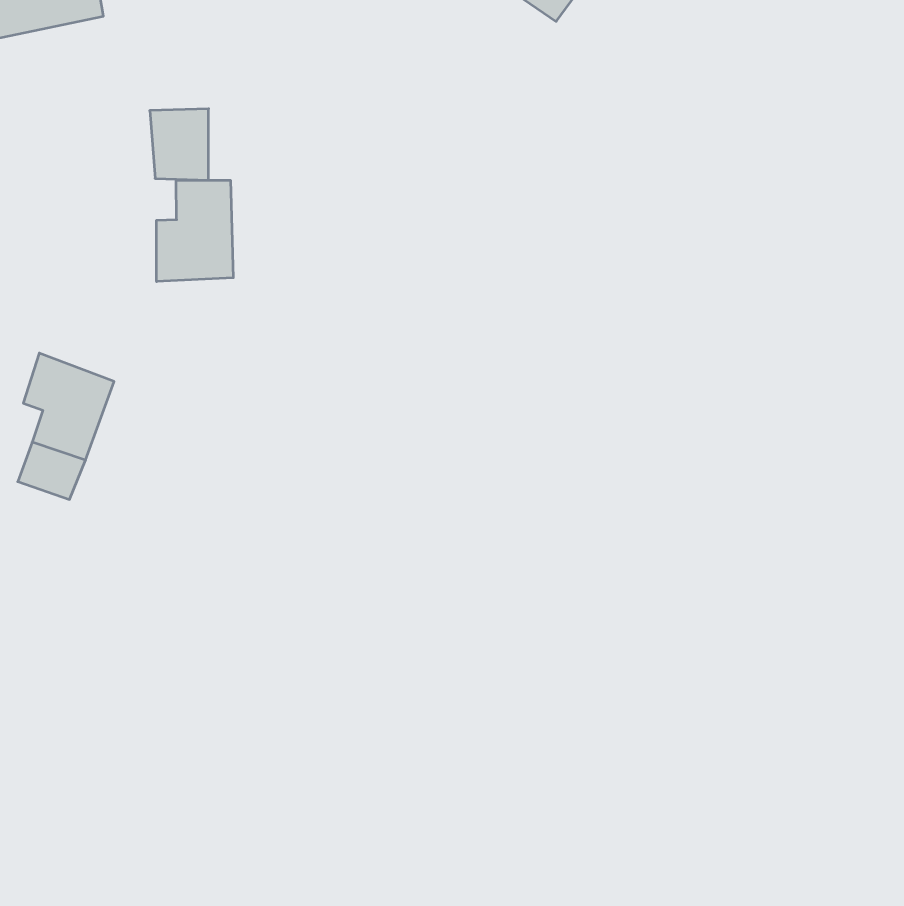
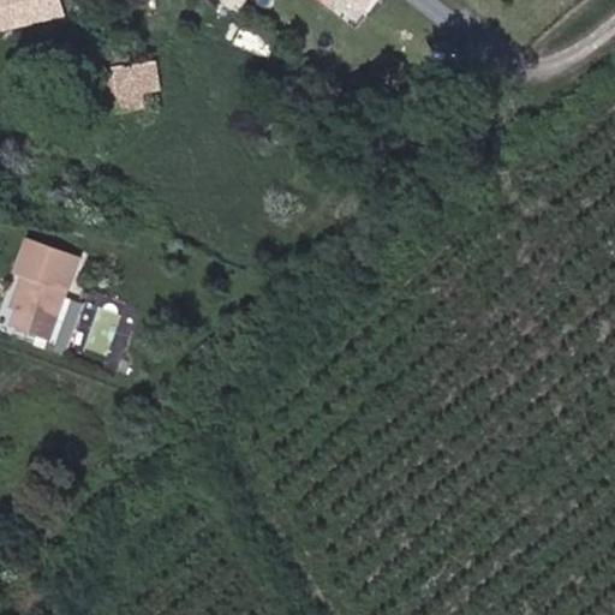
building: [157,180,233,282] -> none

